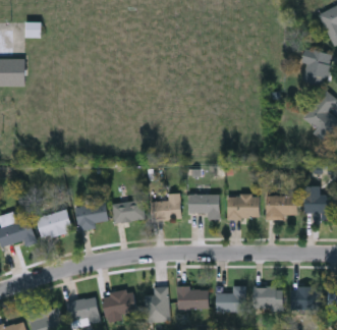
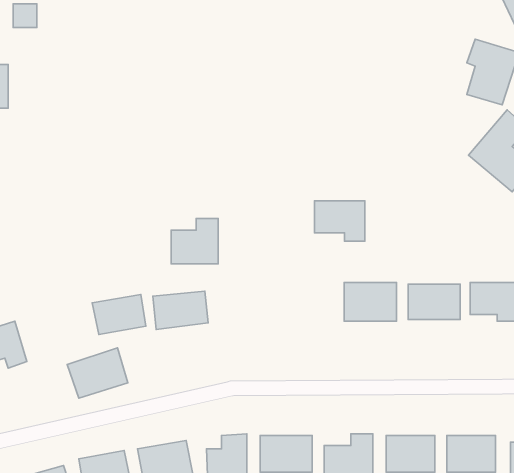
building: [152,195,180,222] -> [171,218,218,264]
building: [188,195,219,219] -> [314,201,365,241]
building: [35,210,71,240] -> [67,348,128,398]

